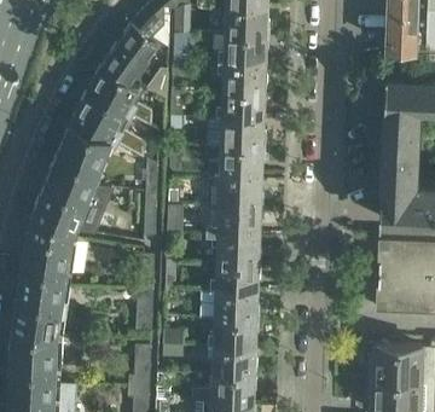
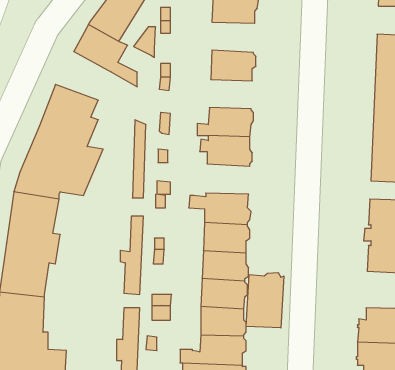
building: [222,64,267,94] -> none
building: [68,93,143,158] -> none
building: [208,120,265,150] -> none
building: [204,204,262,237] -> none
building: none -> [246,273,284,328]

